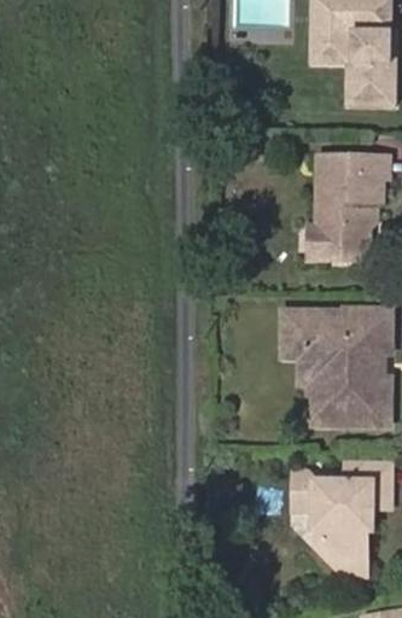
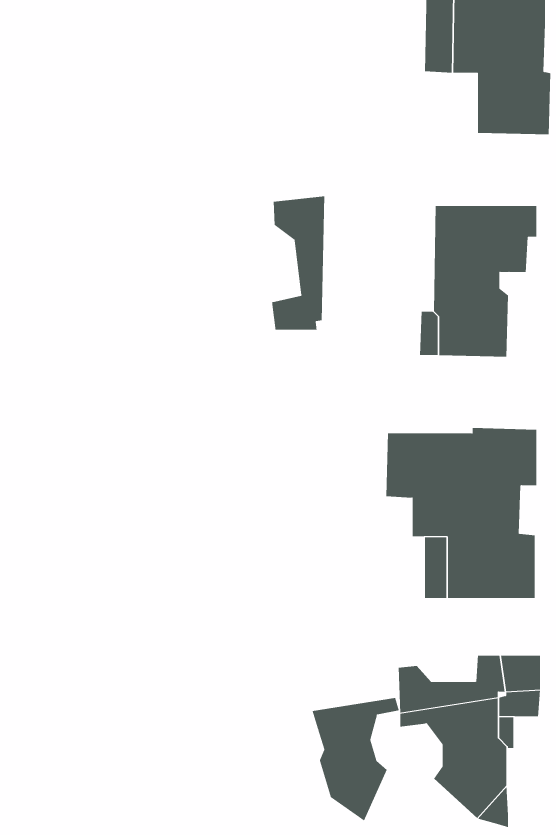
building: none -> [272,195,325,331]
building: none -> [312,697,400,821]

